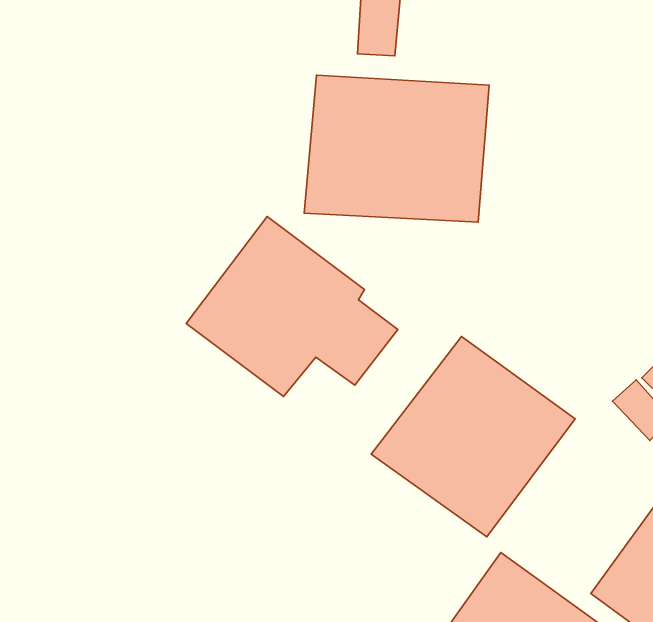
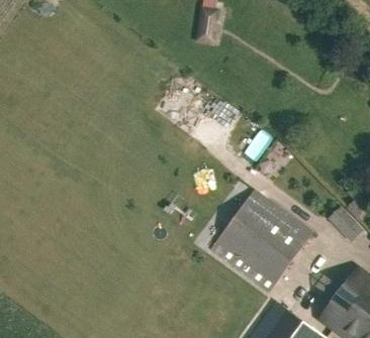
building: [304,75,489,222] -> none
building: [186,216,398,397] -> none

